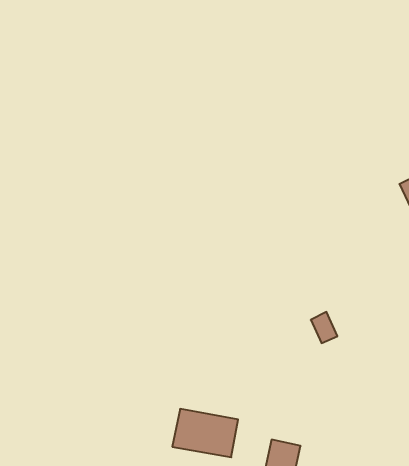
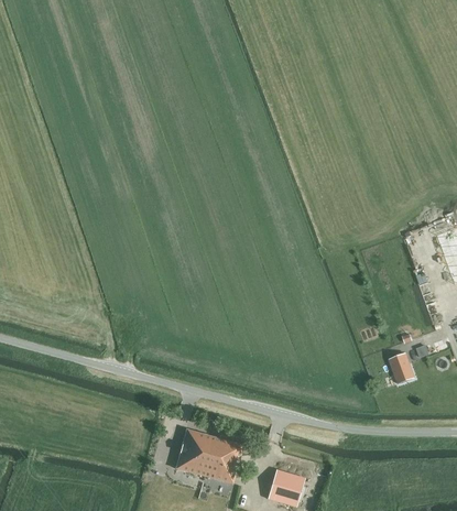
building: [311,312,337,343] -> [389,352,414,383]

